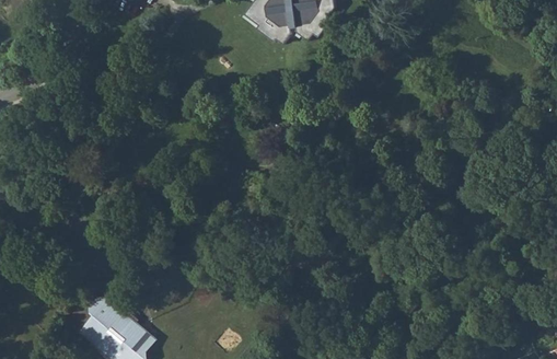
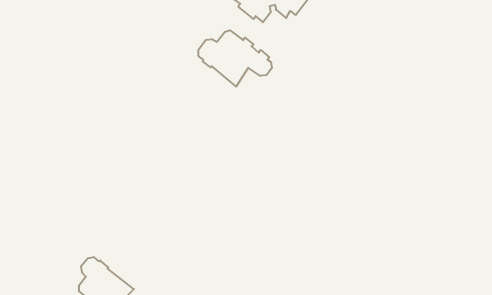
building: none -> [199,30,272,87]

